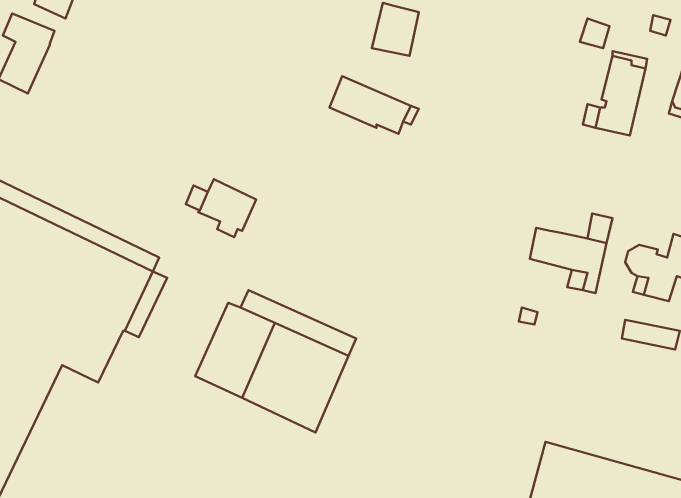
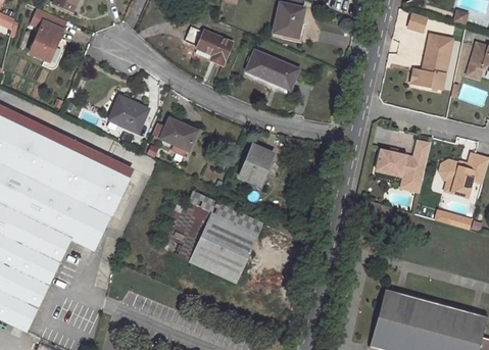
building: none -> [184,27,231,65]
building: none -> [108,96,147,133]
building: none -> [238,144,274,186]

